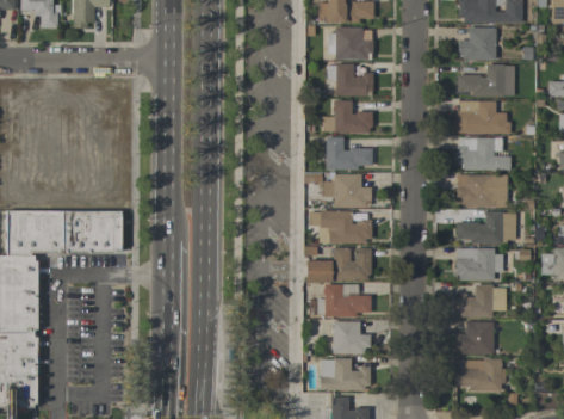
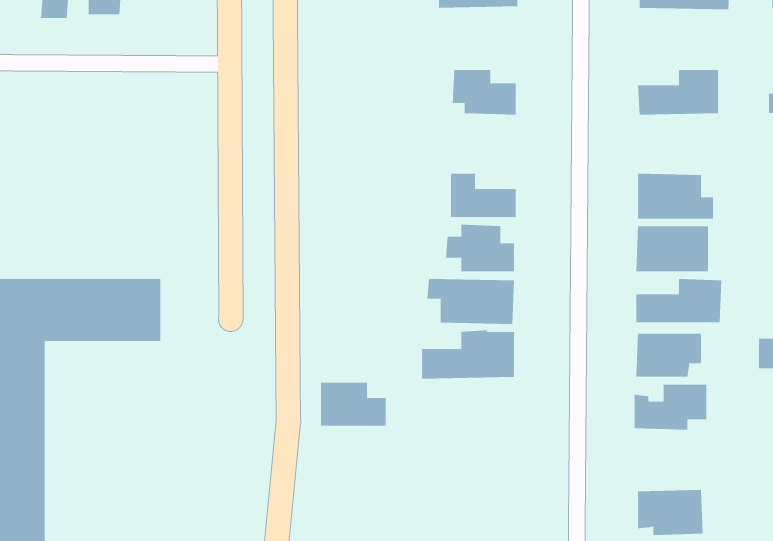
building: [460,27,497,60] -> none
building: [328,29,373,58] -> none
building: [323,100,372,133] -> none
building: [458,100,509,134] -> none
building: [326,284,372,315] -> [320,382,387,426]
building: [333,321,371,355] -> none
building: [457,321,495,355] -> none
building: [321,358,371,389] -> none

